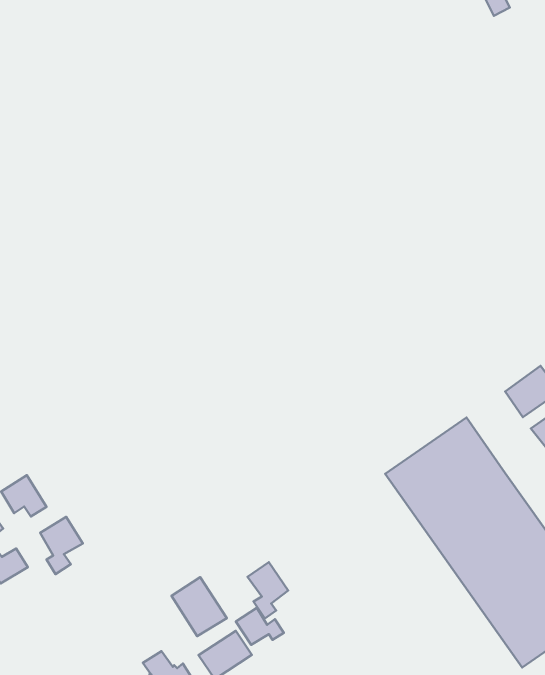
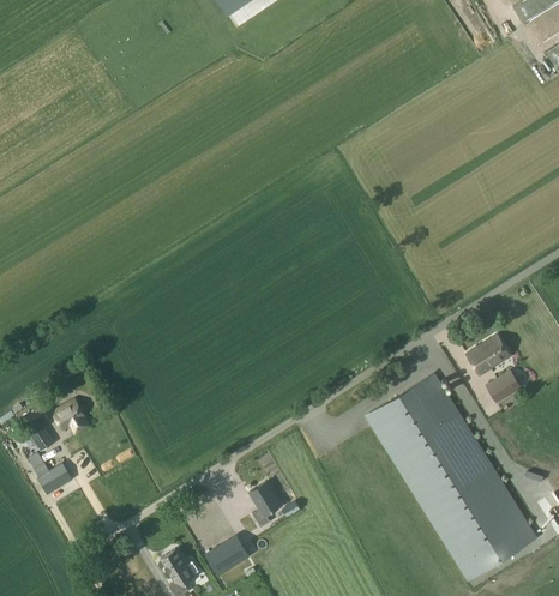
building: [40,517,83,574] -> none
building: [172,577,227,636] -> none
building: [236,608,284,645] -> none

